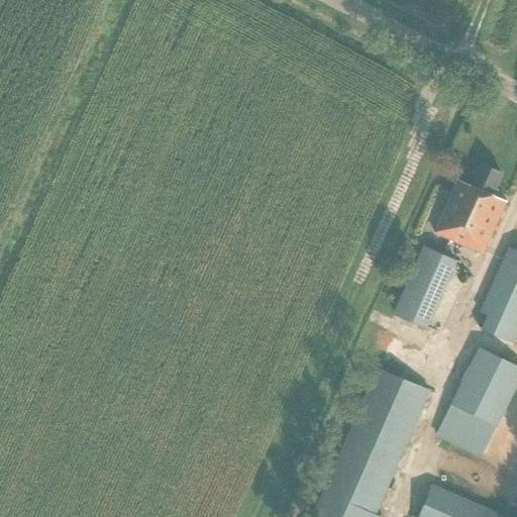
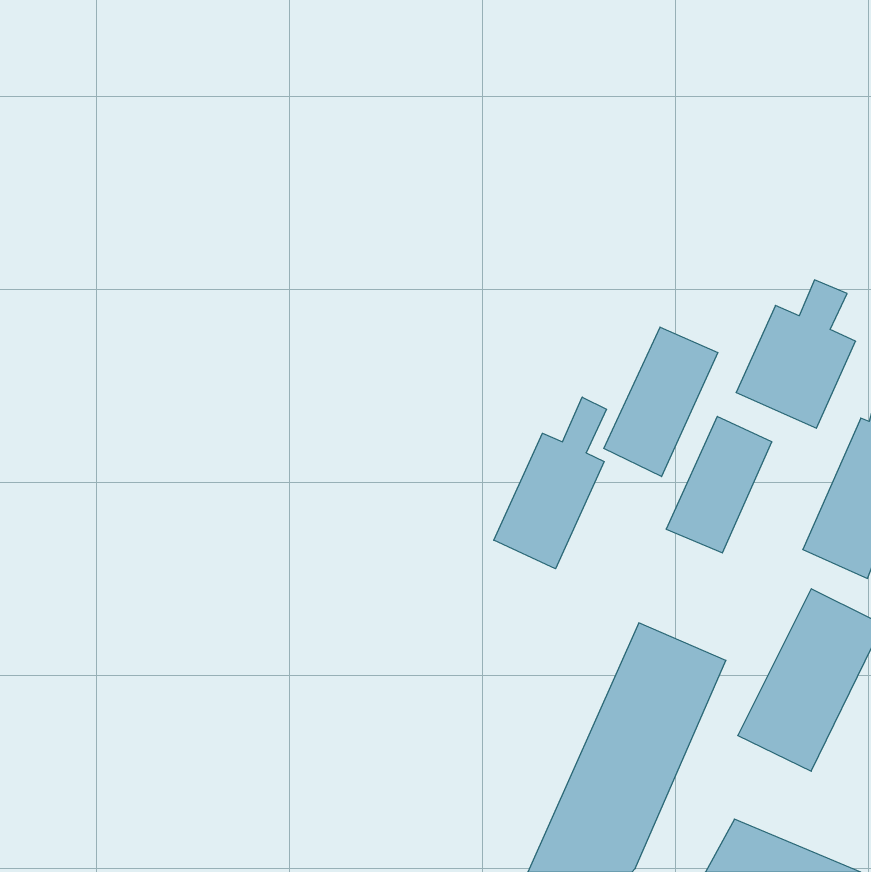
building: none -> [604,327,718,477]
building: none -> [494,397,607,569]

